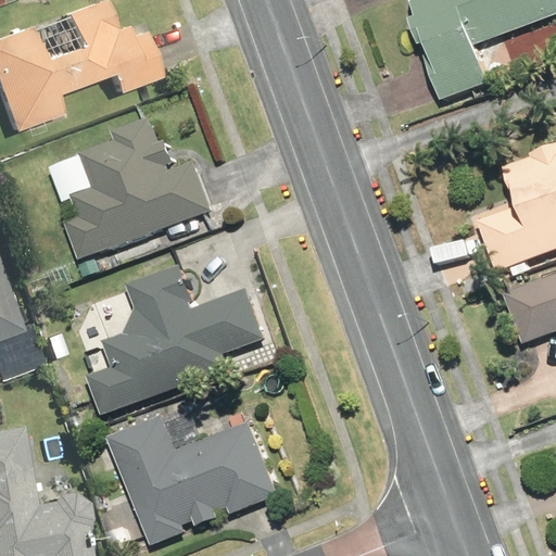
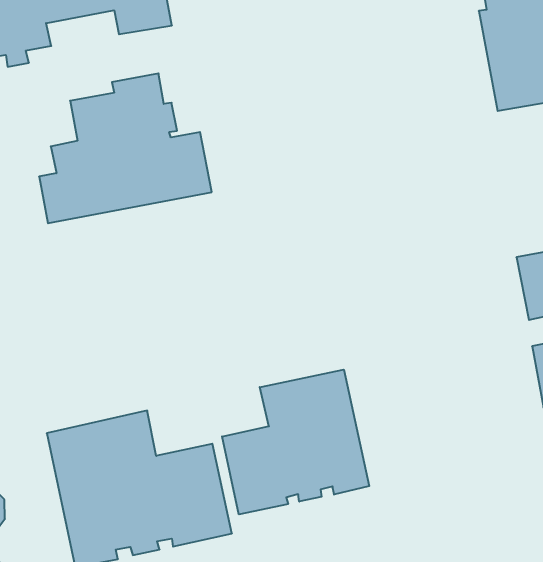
building: [86,264,264,415] -> none
building: none -> [222,370,369,514]

